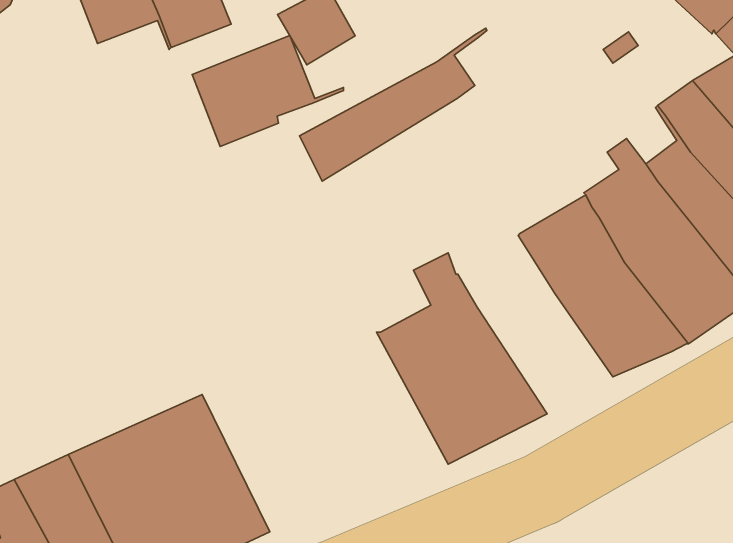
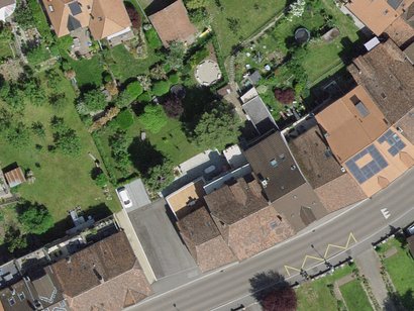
building: [299,28,487,181] -> none
building: [192,35,343,147] -> none
building: none -> [242,89,327,226]
building: none -> [167,178,241,267]

